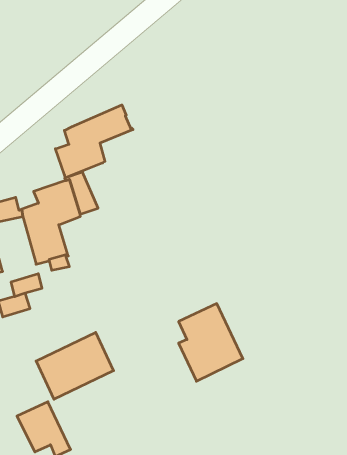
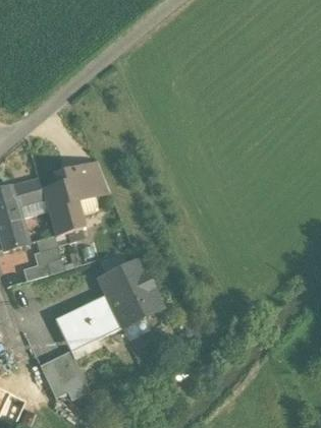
building: [55,105,133,178] -> none
building: [179,304,243,381] -> [106,259,161,325]

